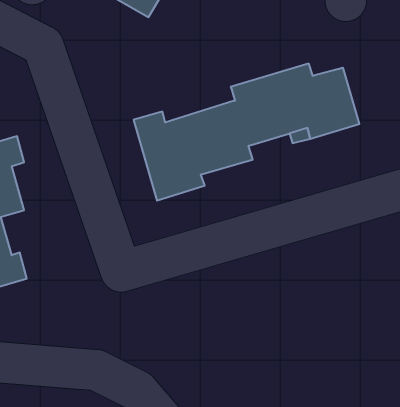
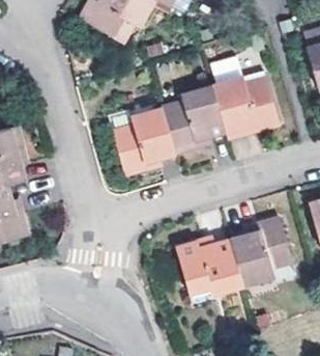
building: none -> [176,219,293,293]

